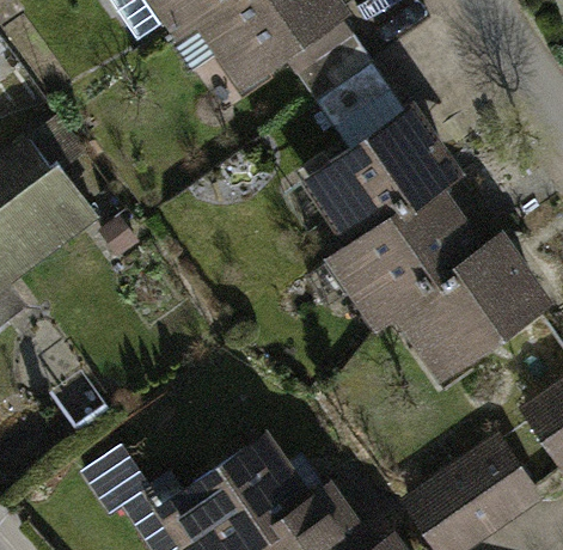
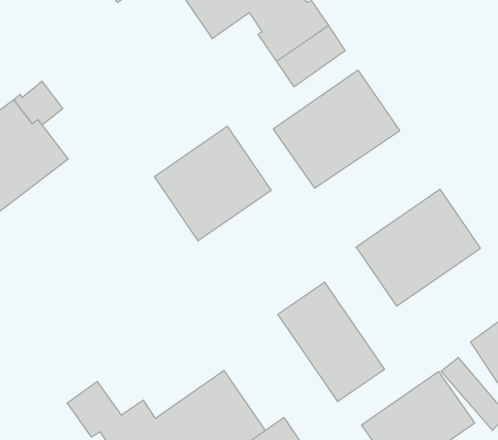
building: none -> [155,126,271,241]
building: [339,191,477,325] -> none
building: none -> [278,282,384,402]

